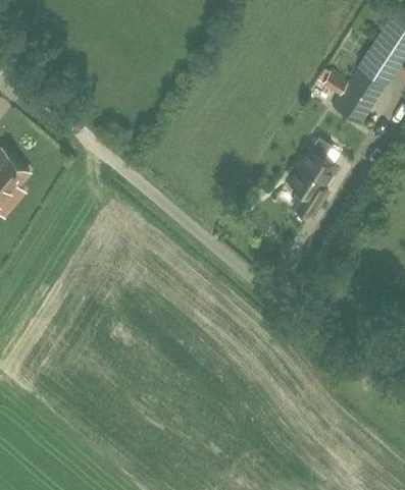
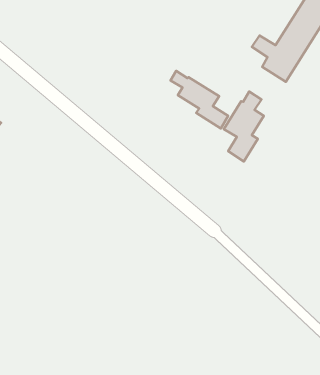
building: none -> [171,71,228,129]

